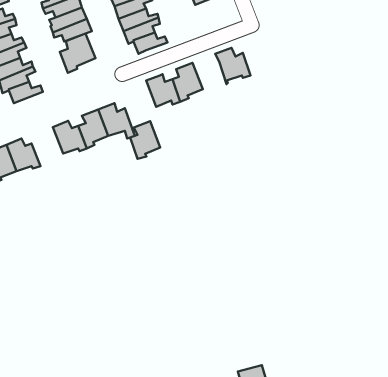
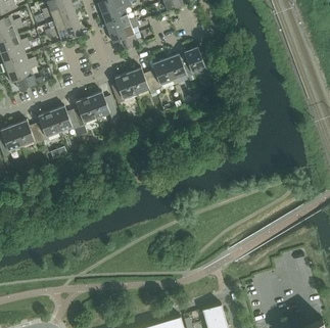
building: [60,34,95,73] -> none
building: none -> [164,52,192,81]
building: [130,121,160,159] -> [110,74,135,104]
building: none -> [34,111,59,143]

